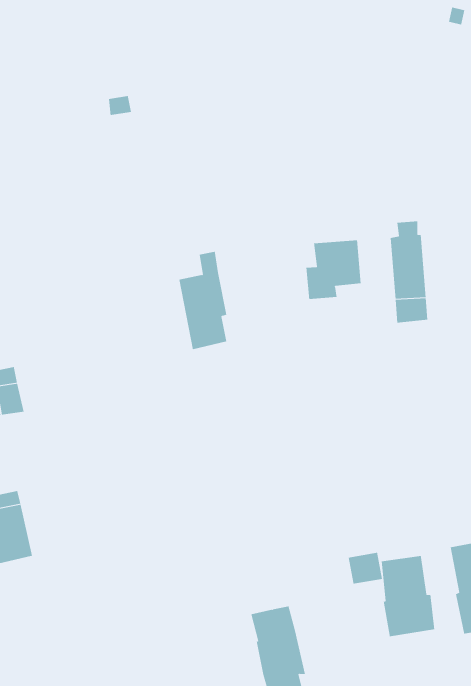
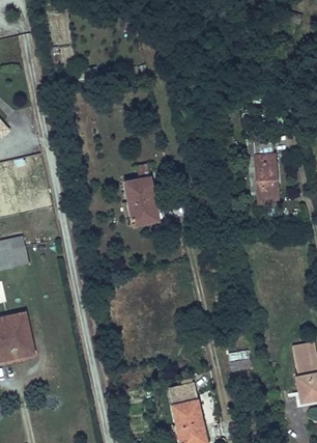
building: [306,240,361,300] -> none
building: [381,555,435,637] -> none

